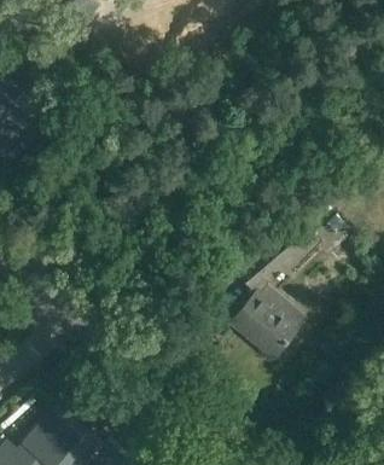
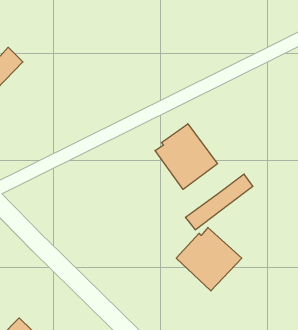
building: none -> [155,124,218,189]

